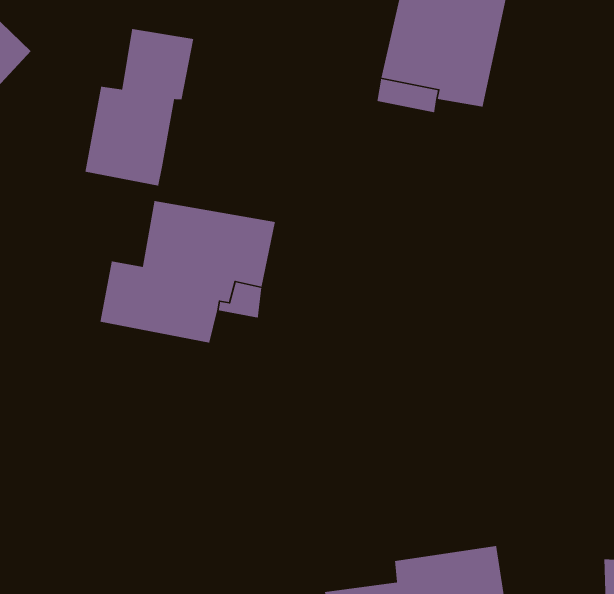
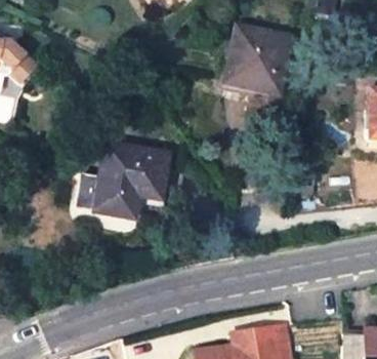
building: [85,28,194,186] -> none

